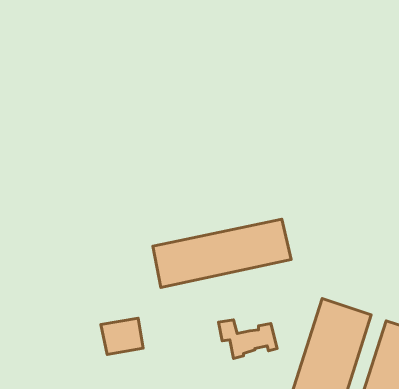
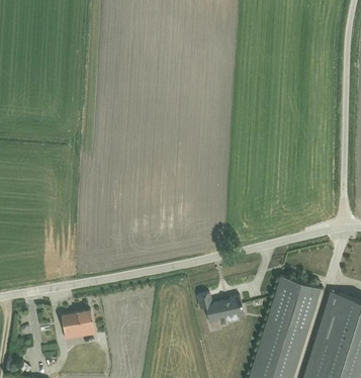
building: [153,219,291,288] -> none
building: [101,318,143,354] -> [61,311,95,341]

